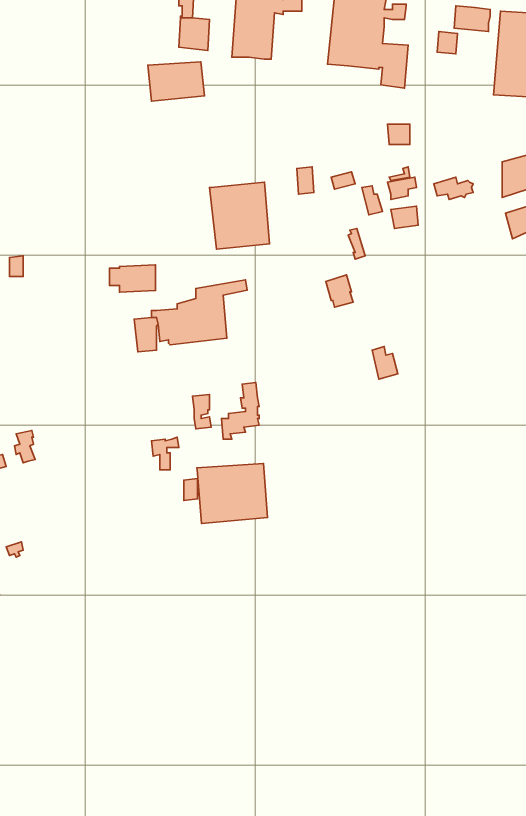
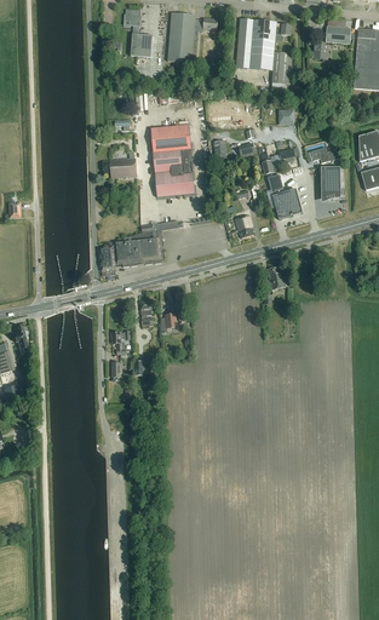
building: [148,62,204,101] -> [150,126,190,154]
building: none -> [320,167,340,197]
building: none -> [271,188,303,219]
building: [109,265,156,292] -> [102,159,134,178]
building: [197,463,268,524] -> none

